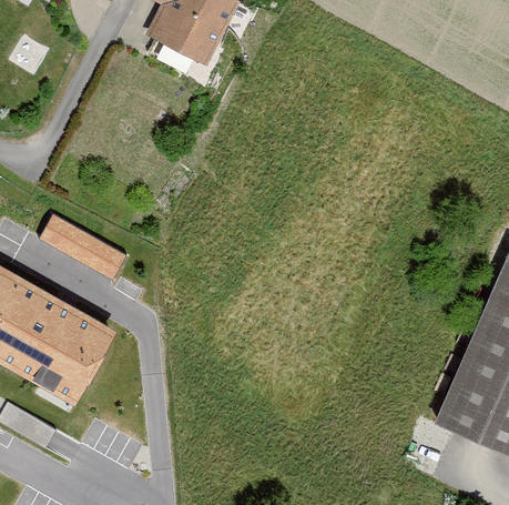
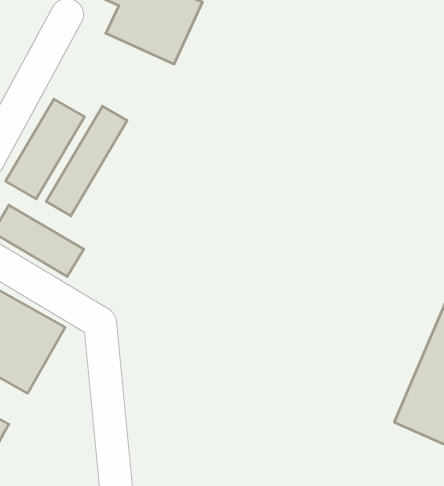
building: none -> [6,99,84,199]
building: none -> [46,106,127,216]

